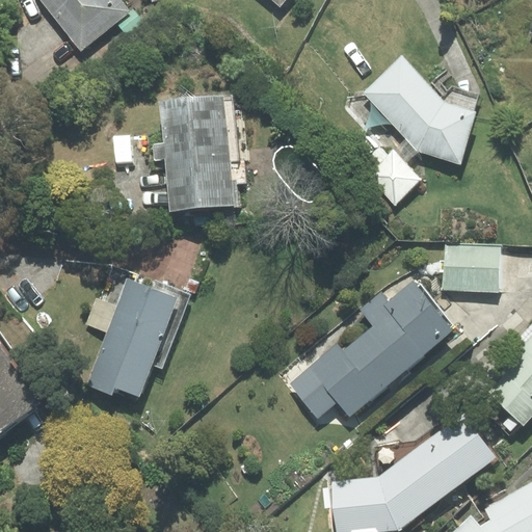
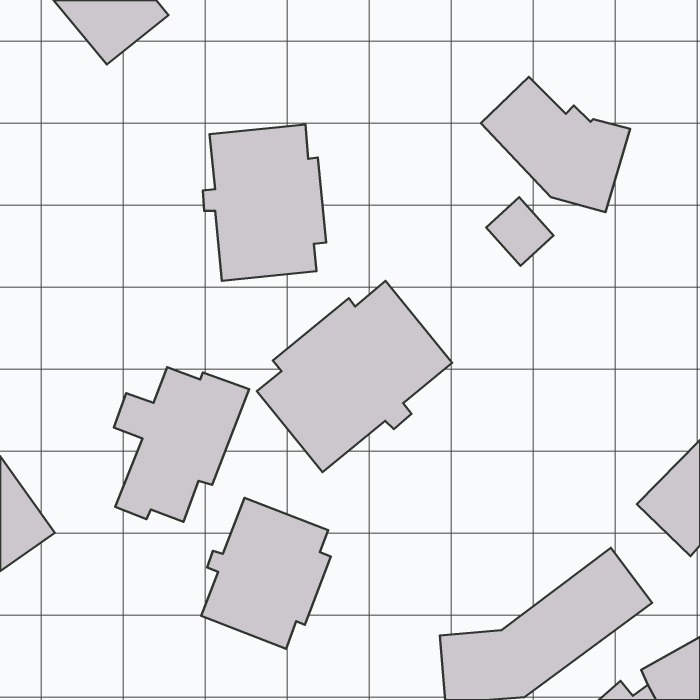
building: none -> [257,281,452,472]
building: [443,244,500,291] -> none
building: [292,284,452,415] -> none
building: none -> [201,498,331,649]

